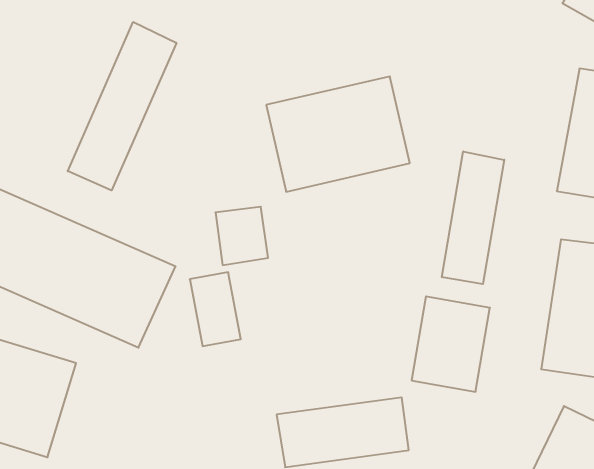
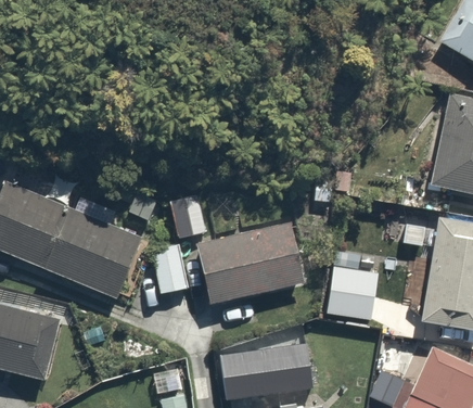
building: [68,22,176,190] -> none
building: [266,76,410,192] -> [199,219,308,307]
building: [442,151,504,284] -> none

